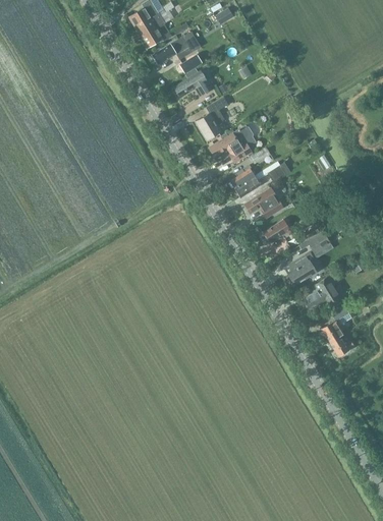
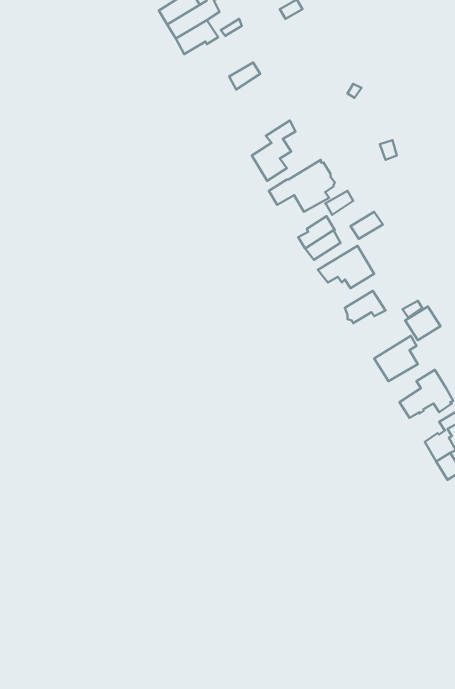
building: [153,36,193,64] -> none
building: [173,70,212,97] -> none

